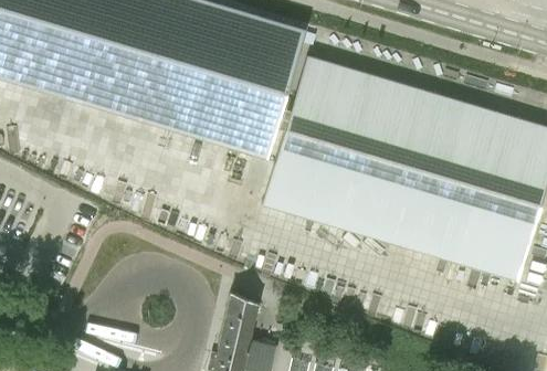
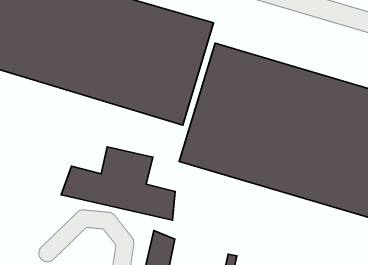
building: none -> [61,147,175,220]

